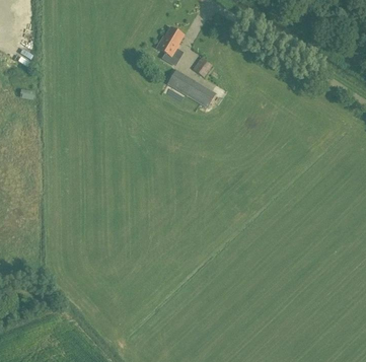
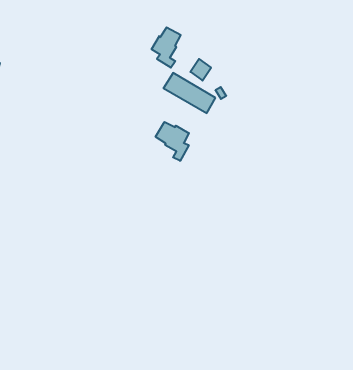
building: none -> [156,122,189,161]

